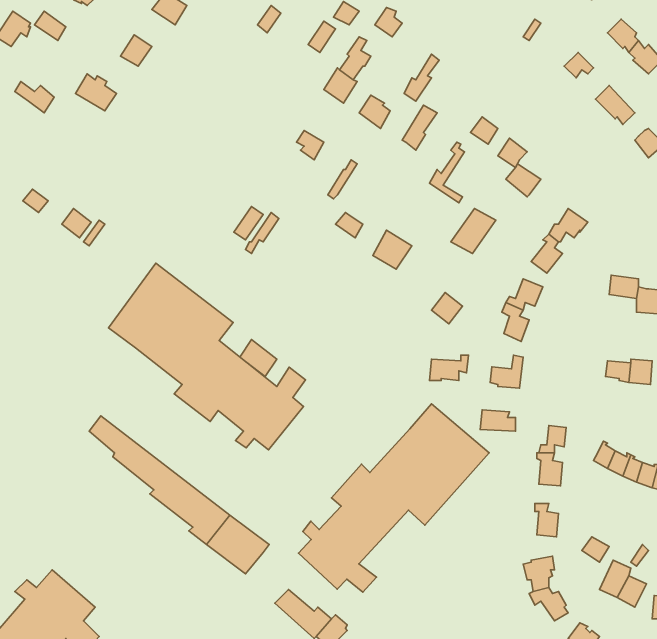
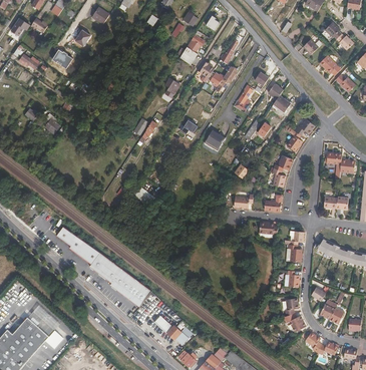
building: [109,263,305,450] -> none
building: [299,404,489,592] -> none

